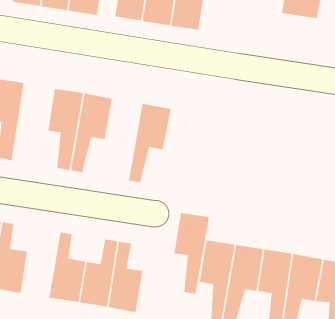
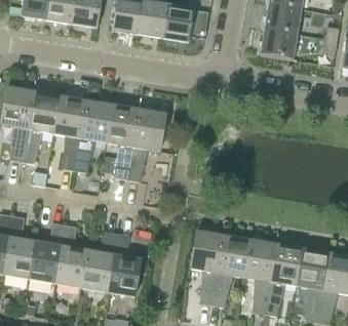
building: none -> [259,28,297,59]
building: none -> [22,90,60,162]
building: [173,212,210,294] -> [106,105,139,178]
building: none -> [30,222,65,284]

